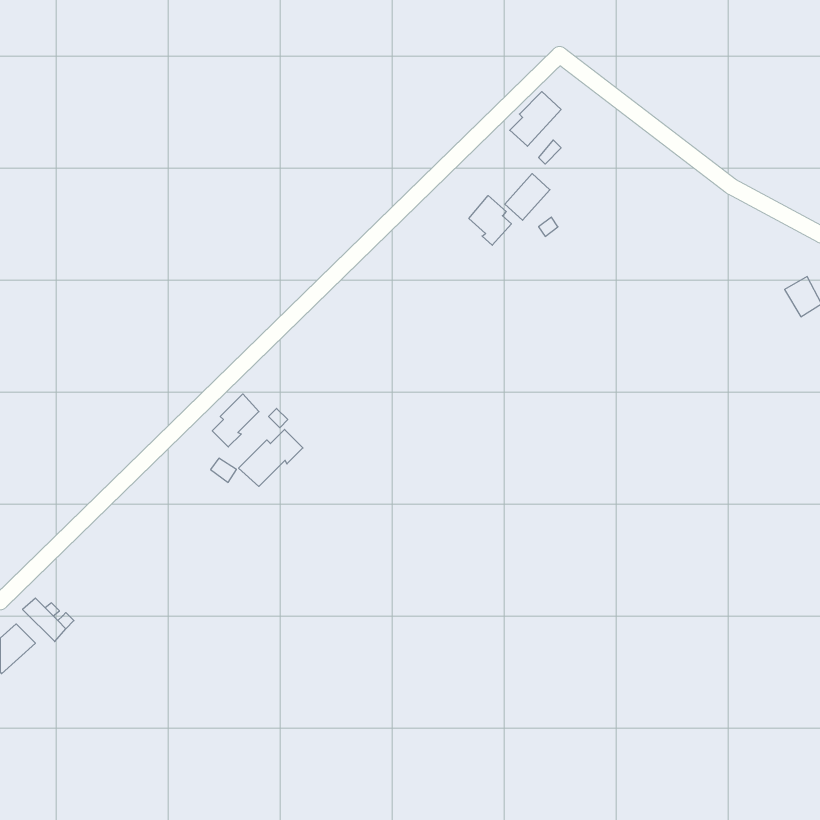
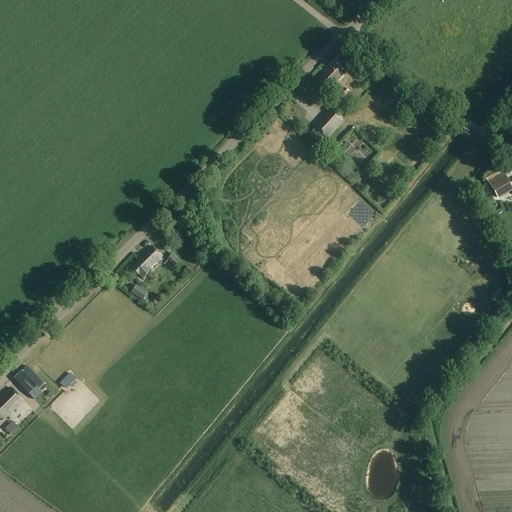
building: [469,196,511,245] -> none
building: [239,429,303,486] -> none

